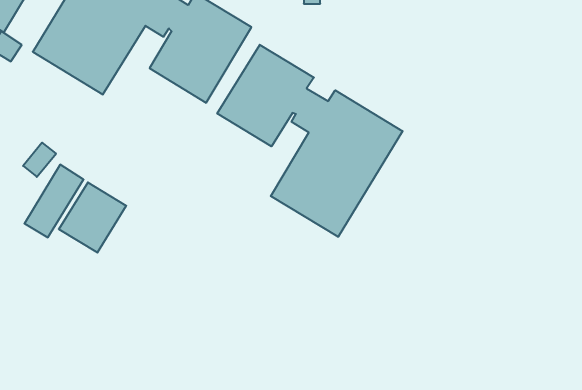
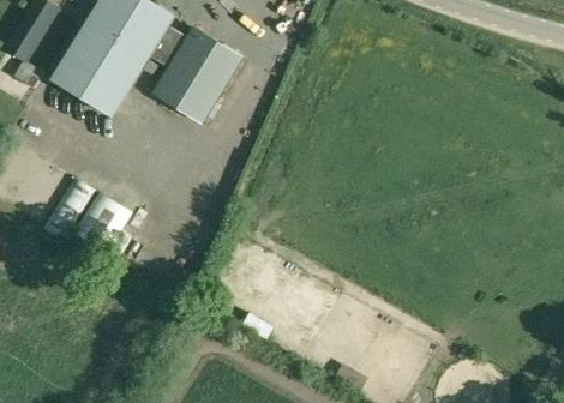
building: [217,45,403,237] -> none

